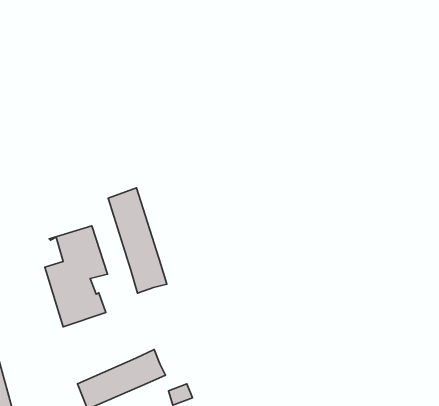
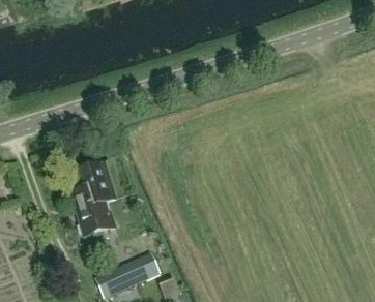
building: [108,188,167,293] -> none

